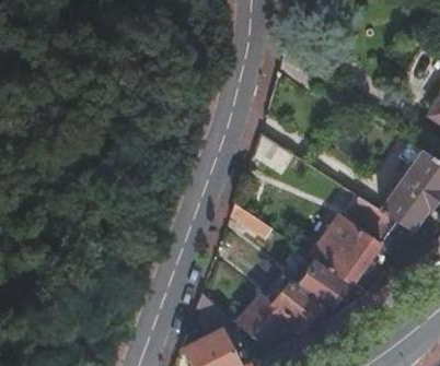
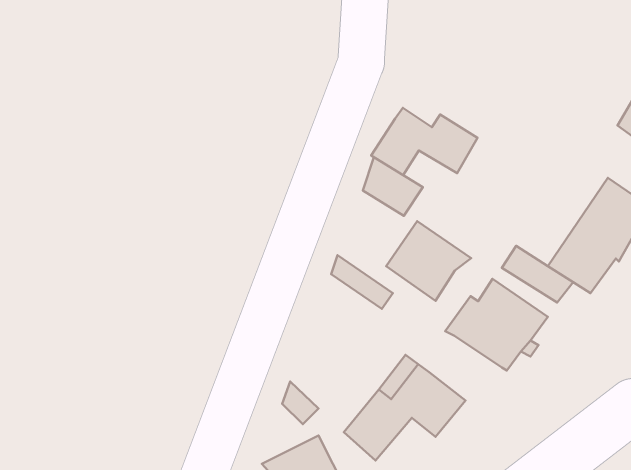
building: none -> [371,108,477,175]
building: none -> [386,221,471,301]
building: [299,259,349,308] -> none

